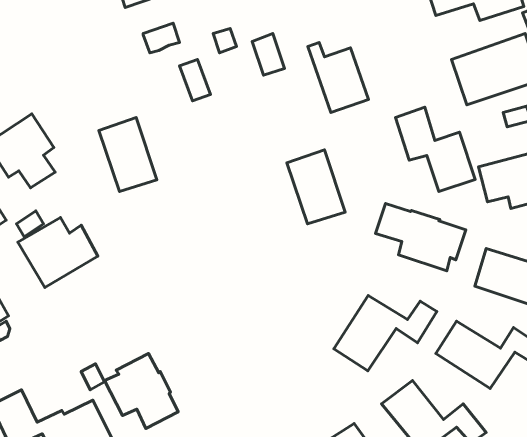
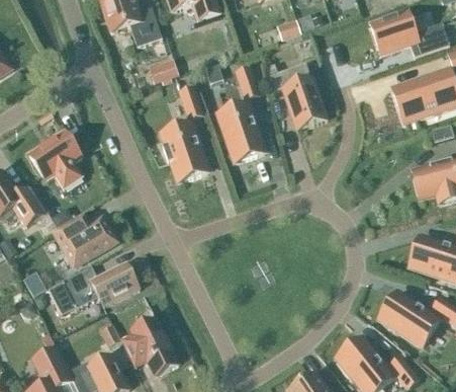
building: [395,107,475,192] -> none
building: [99,118,157,191] -> [162,123,207,180]
building: [287,150,345,224] -> [218,103,264,161]
building: [375,204,466,271] -> none
building: none -> [48,261,139,314]
building: [334,295,437,371] -> none

